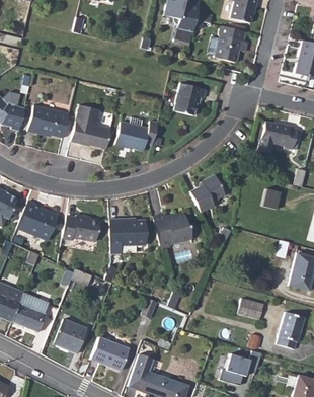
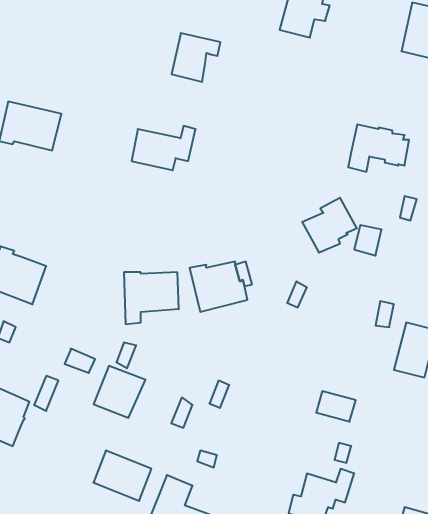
building: [173,82,206,114] -> [172,33,220,82]
building: [71,105,110,148] -> none
building: [189,174,226,211] -> [302,198,357,253]
building: [64,215,99,240] -> none
building: [278,311,305,348] -> none
building: [53,320,87,354] -> [94,366,145,418]

